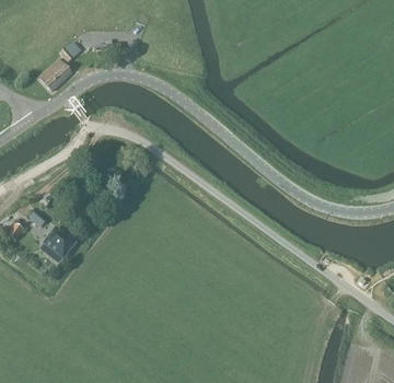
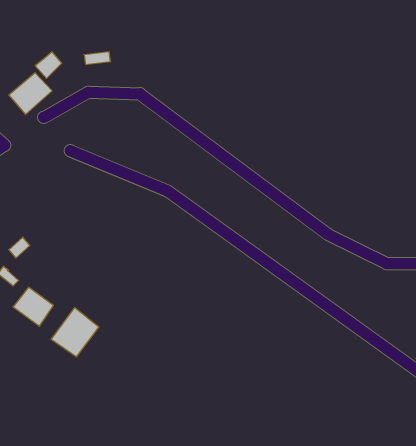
building: none -> [51,307,99,357]

